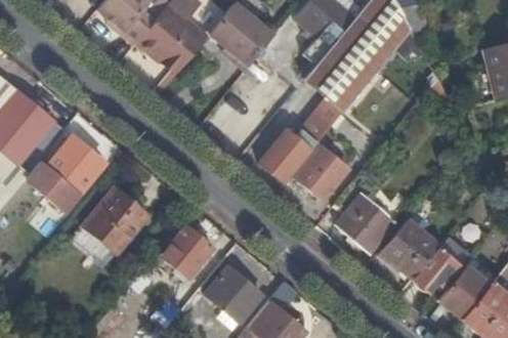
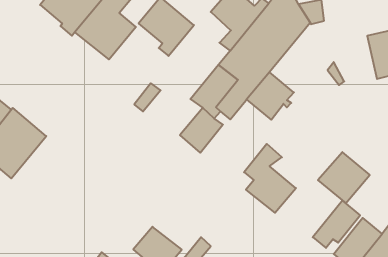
building: [295,145,350,201] -> [246,72,294,120]
building: [82,188,150,256] -> none
building: [380,220,440,280] -> [318,152,370,203]
building: [162,226,214,280] -> none

